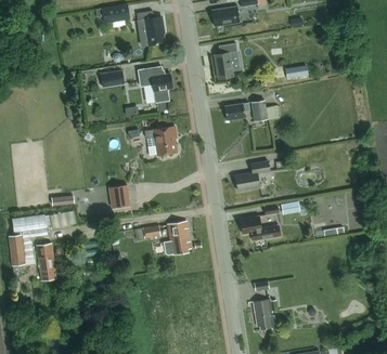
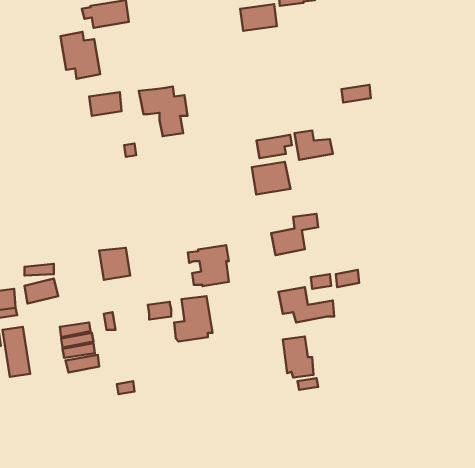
building: [136,10,165,44] -> [60,32,100,79]
building: [214,43,237,79] -> none
building: none -> [252,162,291,194]
building: [145,126,176,156] -> [188,245,229,286]
building: [253,299,275,329] -> [283,337,314,378]

